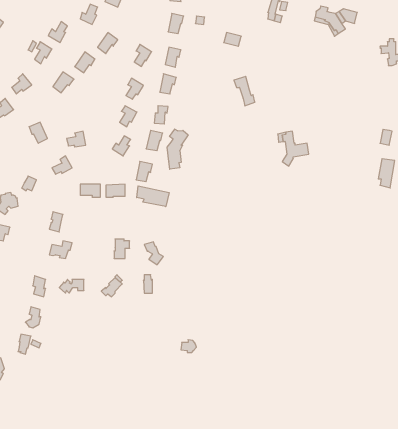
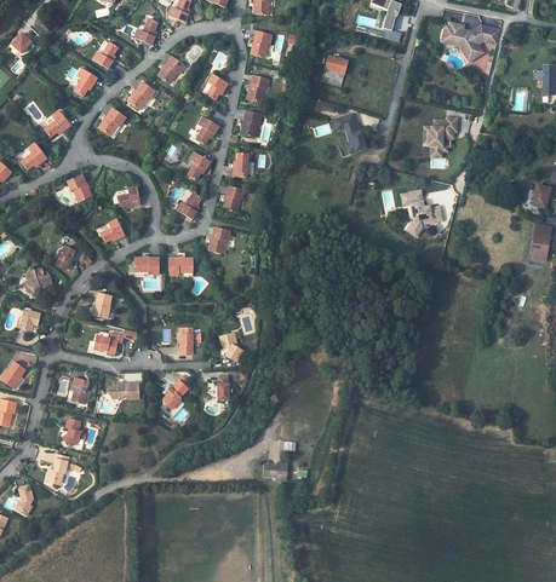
building: none -> [429,117,458,155]
building: [167,129,188,169] -> none
building: [137,186,169,207] -> none

